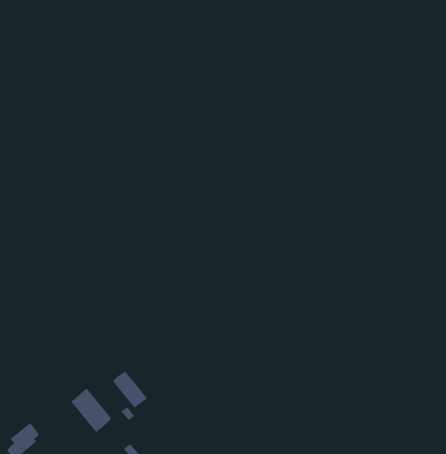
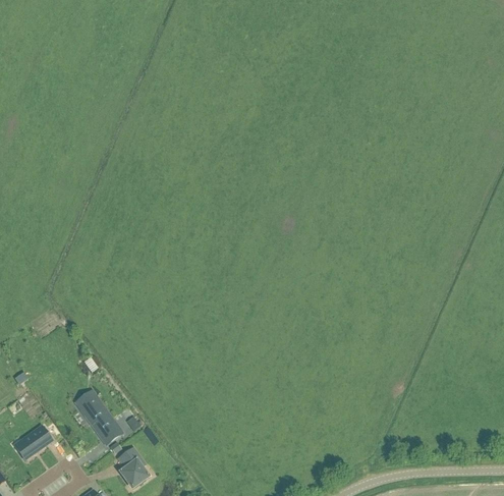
building: [112,371,148,408] -> none

